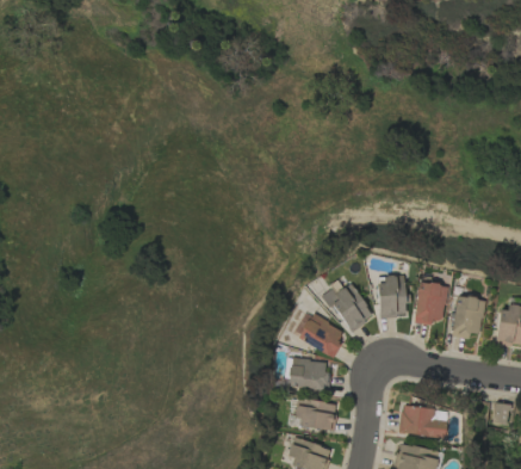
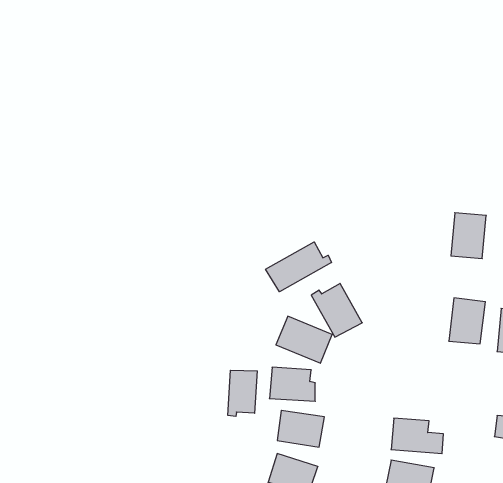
building: none -> [266,242,331,292]
building: [378,276,408,317] -> none
building: [415,283,447,325] -> [451,213,486,259]
building: none -> [228,370,257,416]

